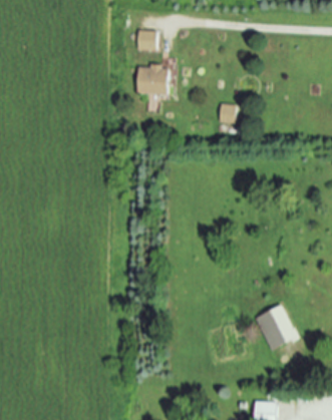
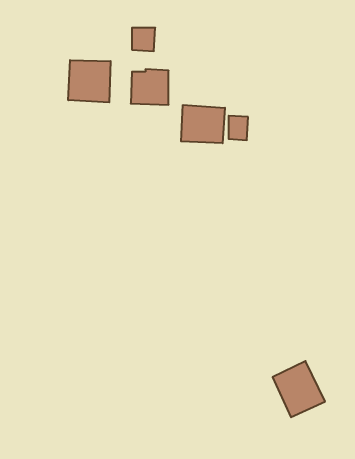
building: none -> [68,60,111,102]
building: none -> [181,105,225,143]

